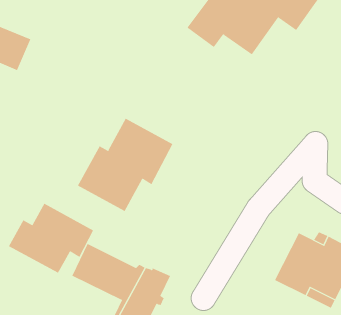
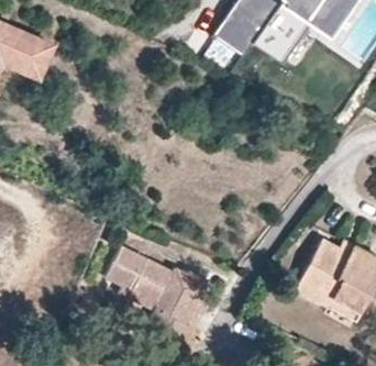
building: [77,118,173,212] -> none
building: [8,203,94,274] -> none

